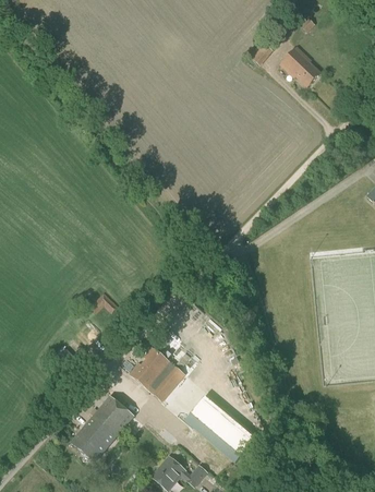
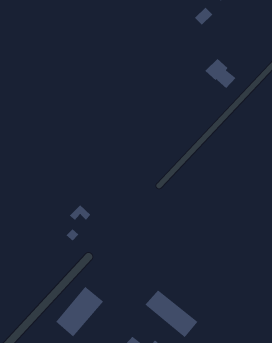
building: [279,46,319,85] -> [205,58,236,89]
building: [126,346,184,400] -> none

